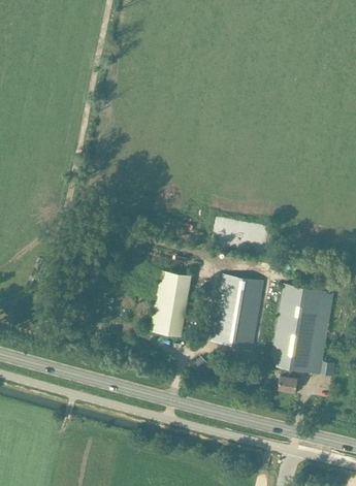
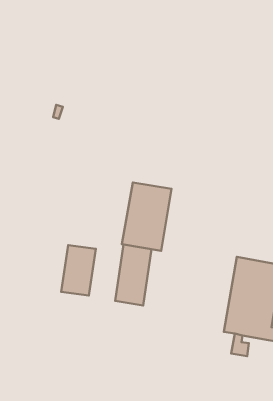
building: none -> [61,245,96,296]
building: [209,274,264,350] -> [122,182,171,251]

